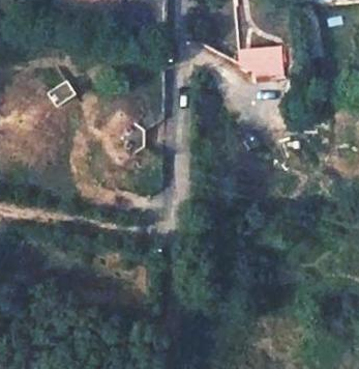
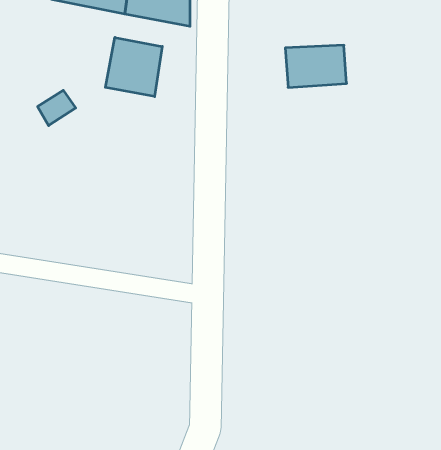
building: none -> [105,37,162,97]

